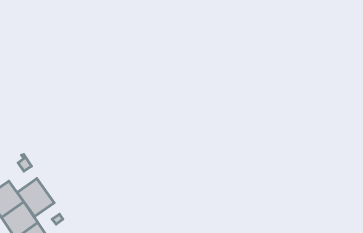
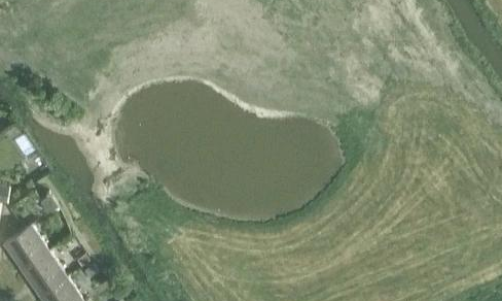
building: [17,179,54,217] -> none

